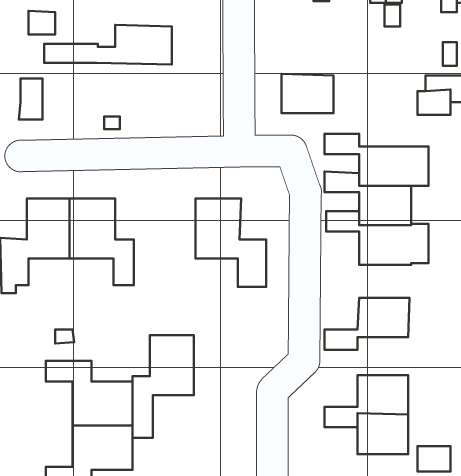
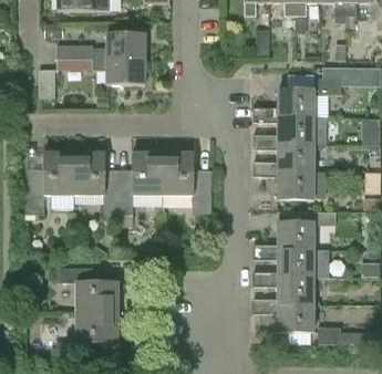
building: none -> [92,58,145,84]
building: [282,74,334,113] -> [277,89,313,116]
building: [132,335,194,438] -> [118,153,162,225]
building: none -> [252,250,329,287]

